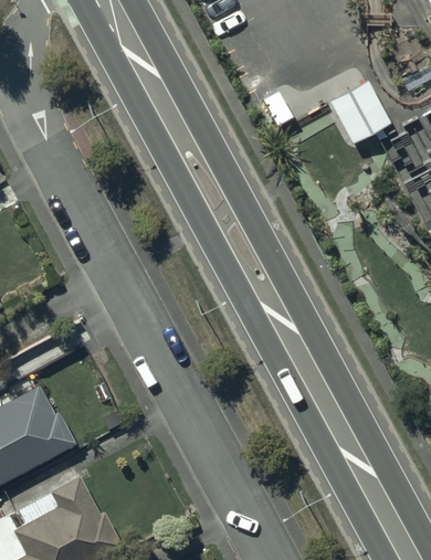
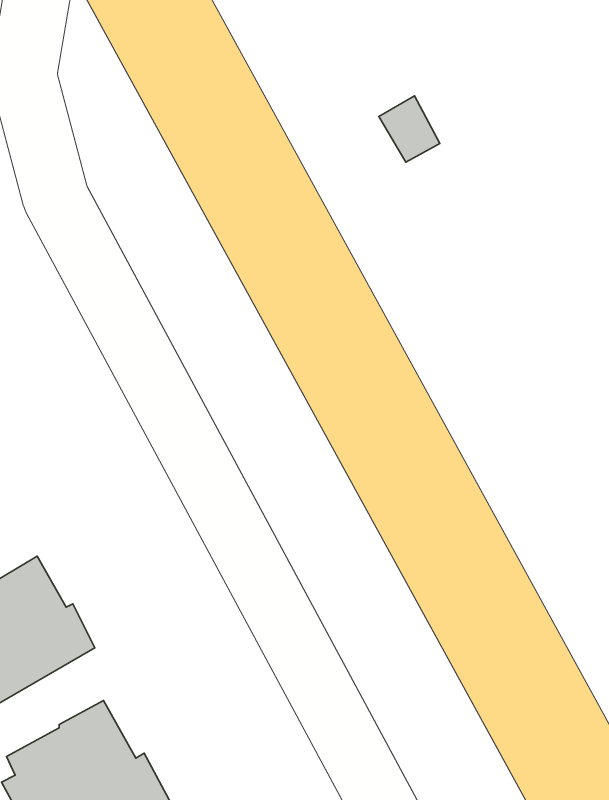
building: [325,78,391,147] -> none

